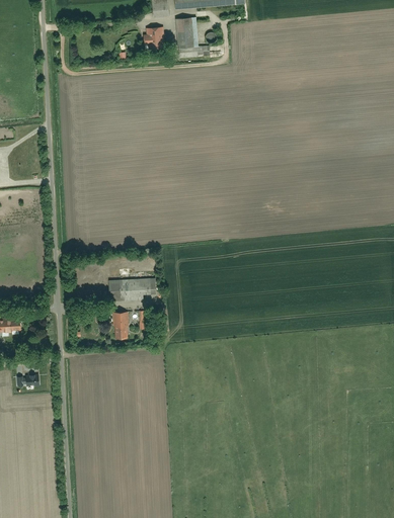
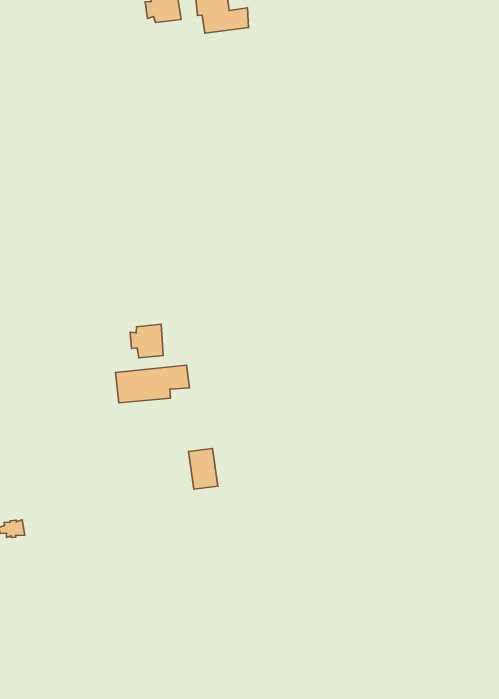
building: none -> [130,324,163,358]
building: [111,311,130,337] -> [188,448,218,489]

